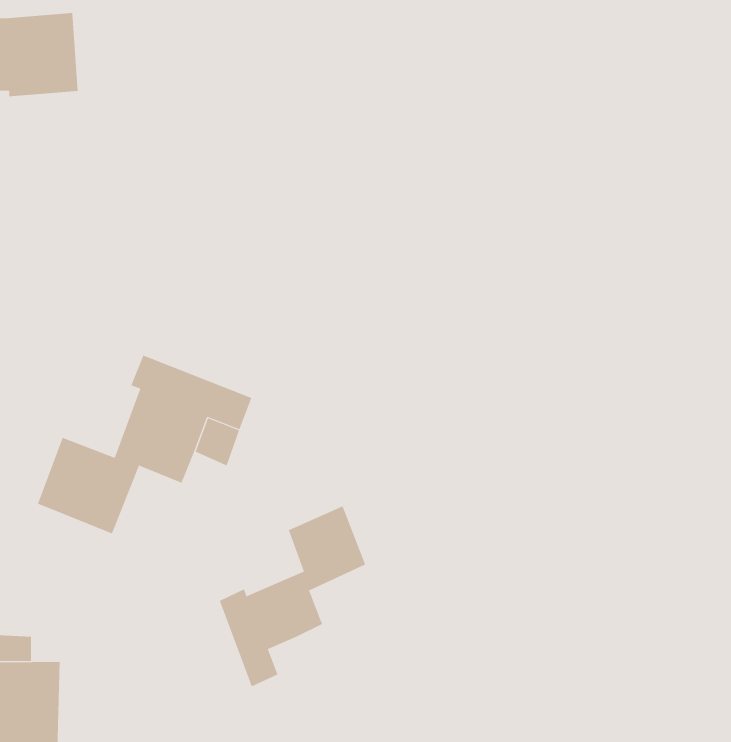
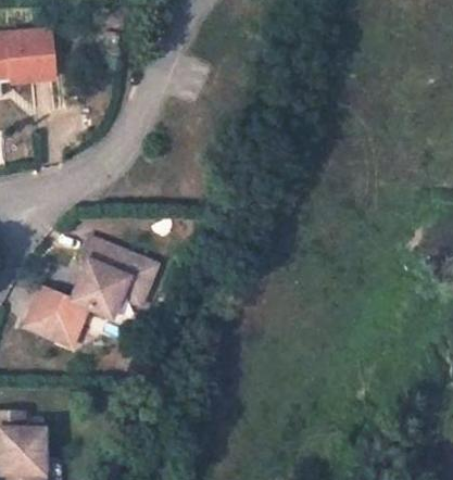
building: [219,505,366,687] -> none

